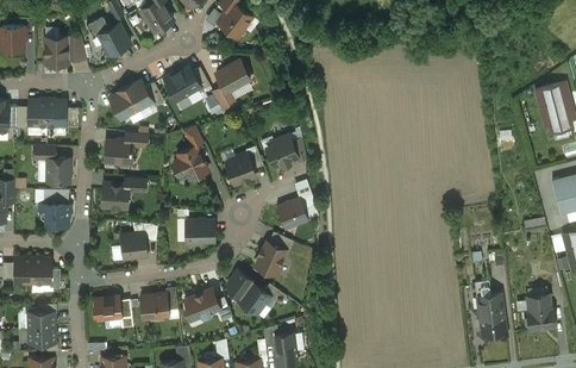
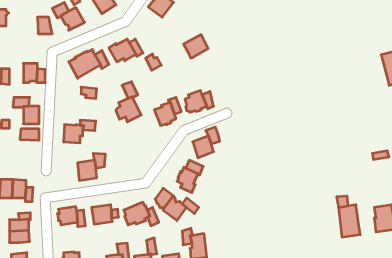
building: [44,37,67,64] -> none
building: [215,61,249,93] -> [184,35,208,58]
building: [27,100,46,126] -> none
building: [104,141,132,166] -> none
building: [39,204,68,225] -> none
building: [184,220,213,244] -> none

